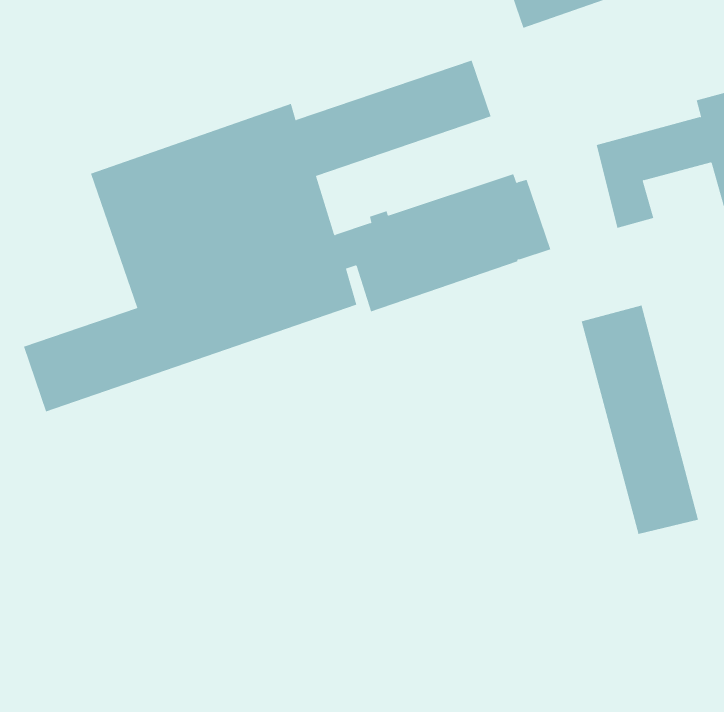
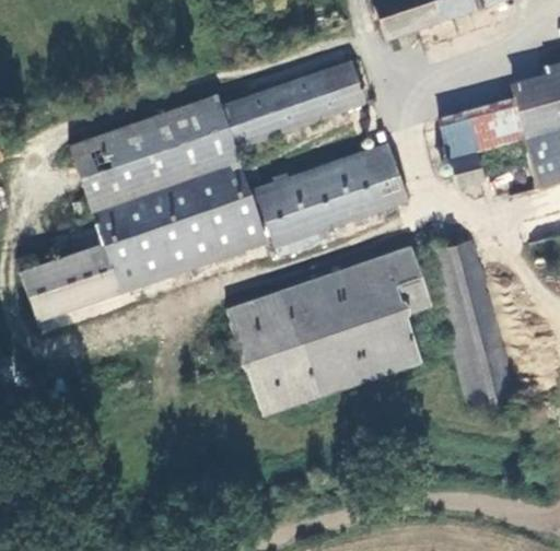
building: none -> [228,247,432,414]

